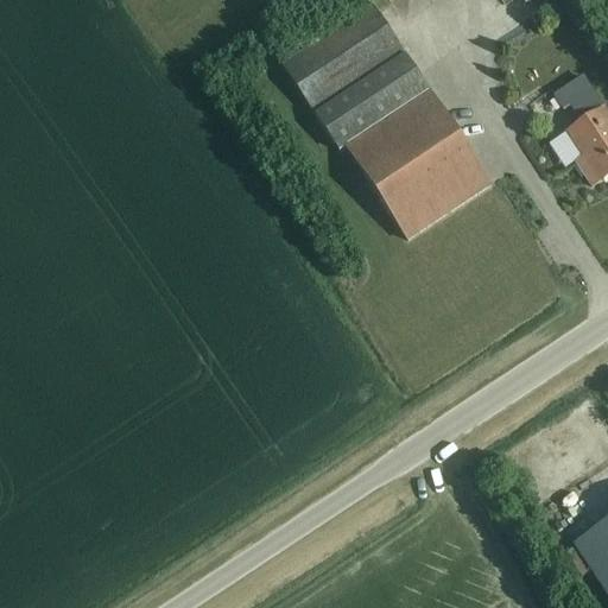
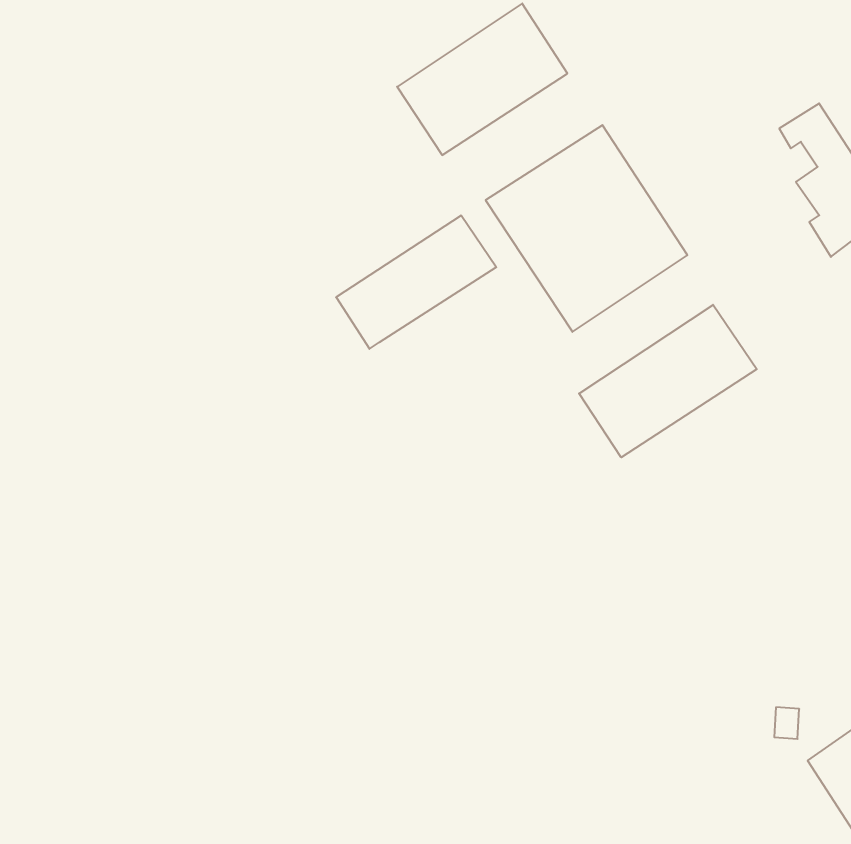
building: [316,52,430,147] -> [336,216,496,349]
building: none -> [579,305,757,457]

